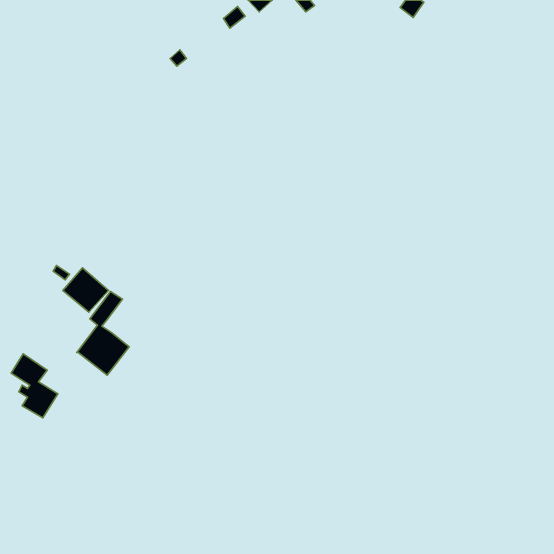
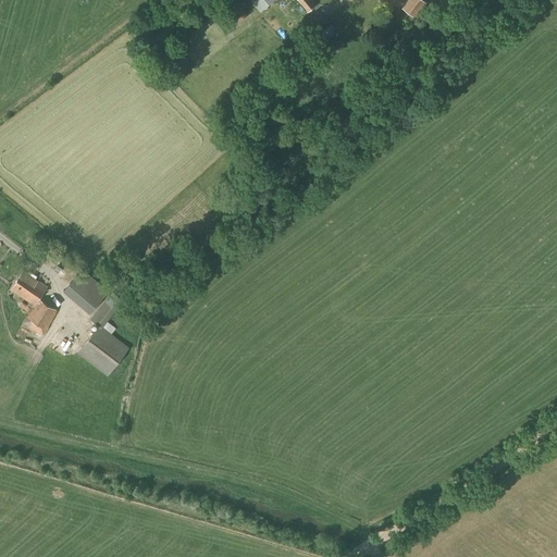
building: [11,354,58,418] -> [11,271,58,335]

